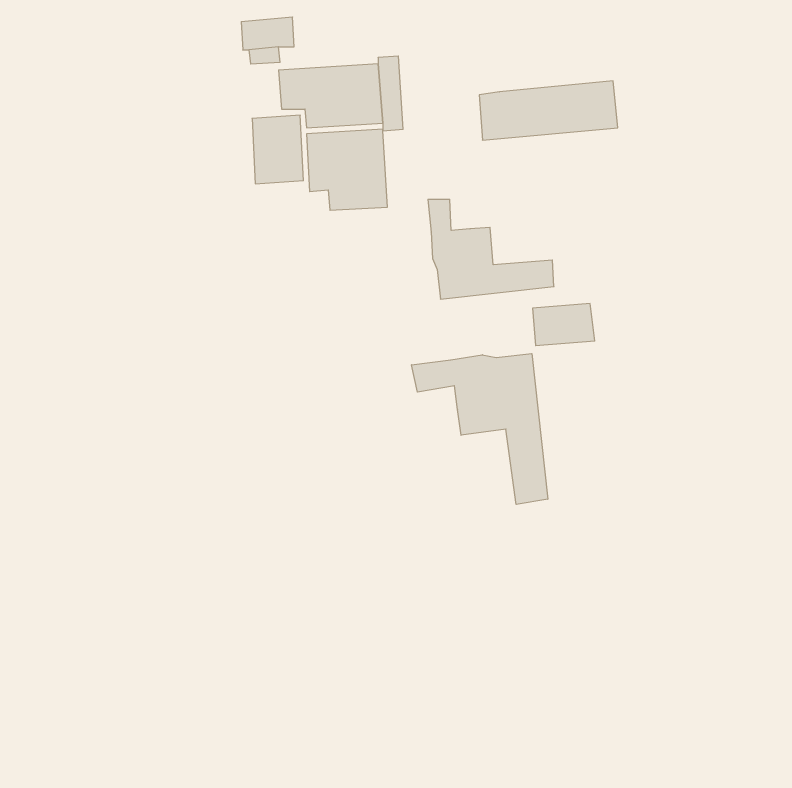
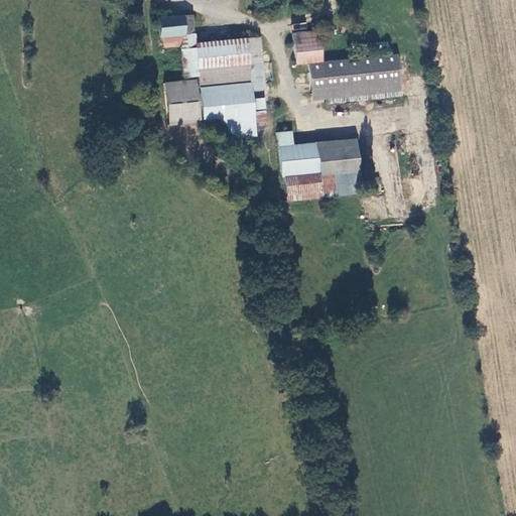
building: none -> [297,29,326,62]
building: [533,304,595,346] -> [319,144,360,171]
building: [412,354,548,504] -> none

